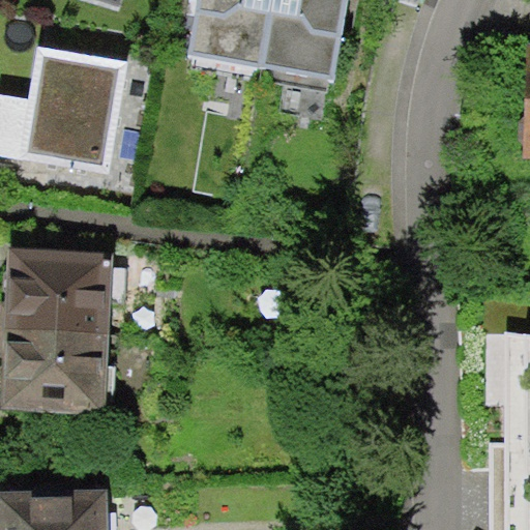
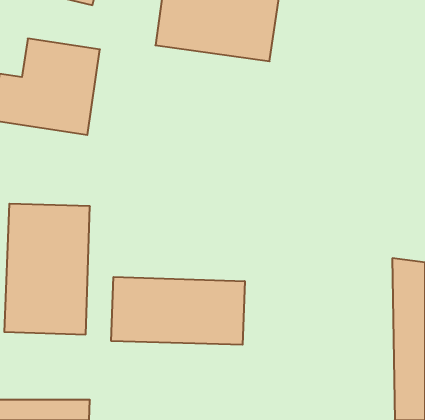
building: none -> [111,277,245,345]

